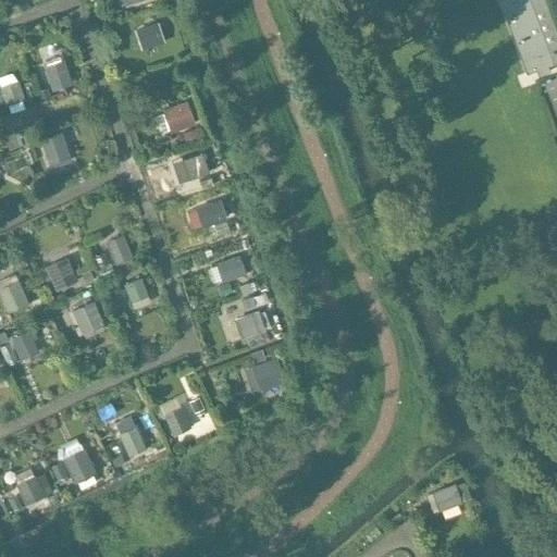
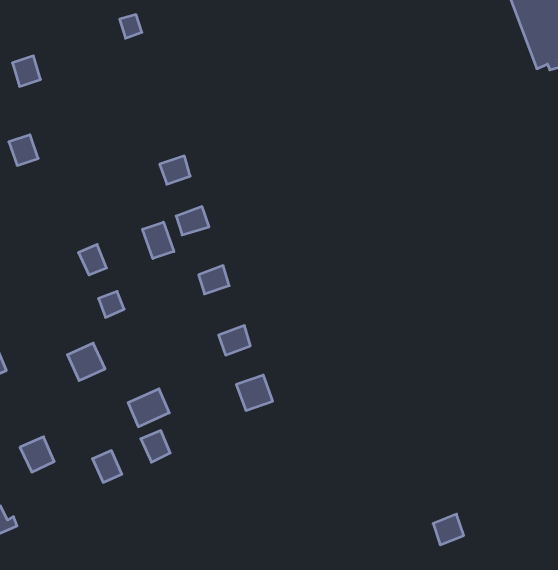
building: [163,101,195,132] -> none
building: none -> [143,222,174,259]
building: [45,257,78,292] -> none
building: [71,300,106,335] -> [67,343,105,381]
building: none -> [128,389,169,427]
building: [62,451,94,484] -> [20,437,54,472]

